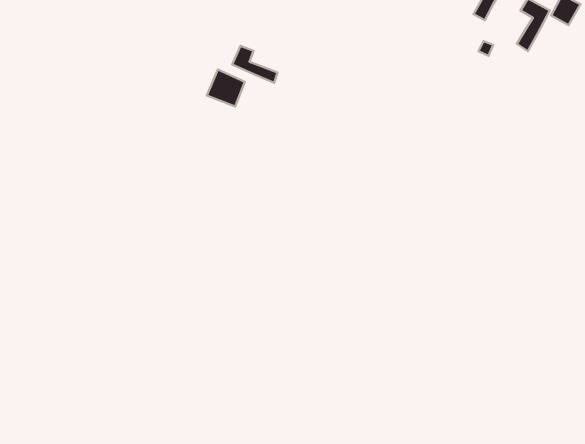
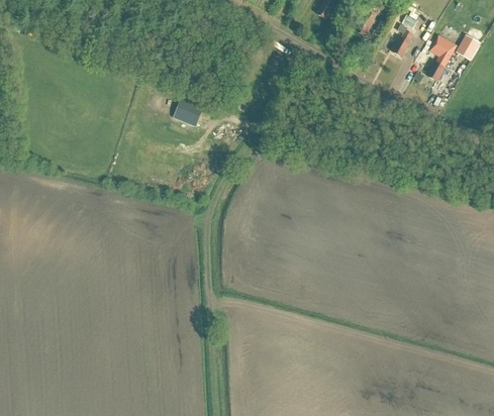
building: [232,46,277,83] -> none

